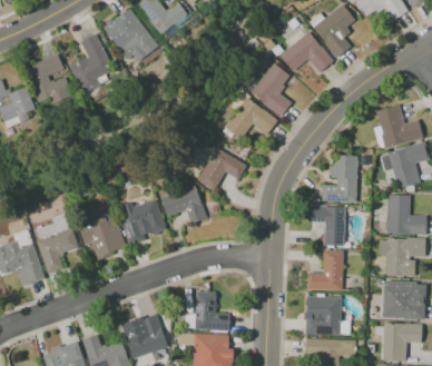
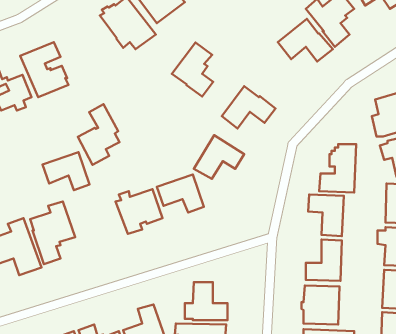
building: [69,34,110,95] -> [78,104,119,165]
building: [249,63,291,117] -> [172,43,213,96]
building: [78,215,125,253] -> [43,152,90,190]

